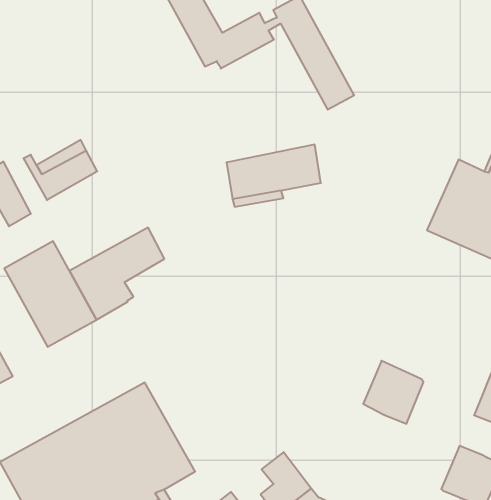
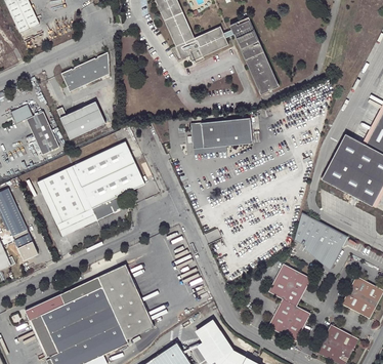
building: none -> [60,53,110,93]
building: none -> [72,141,135,188]
building: none -> [293,213,346,271]
building: none -> [267,299,310,341]

